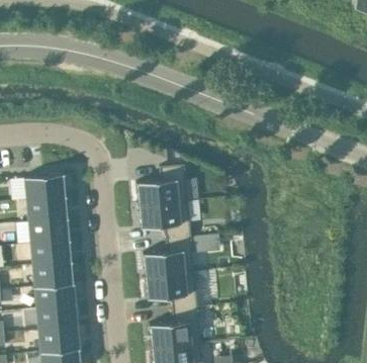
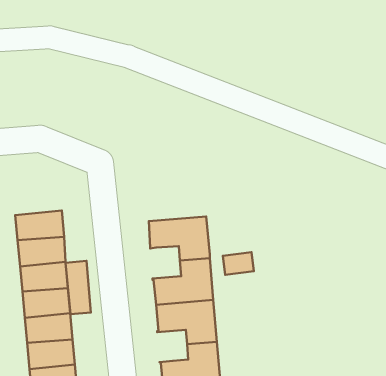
building: [135,166,187,206] -> none
building: [22,175,65,201] -> none
building: none -> [65,261,91,314]

